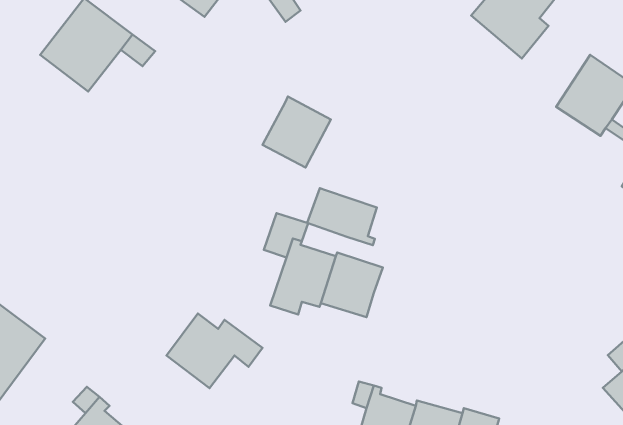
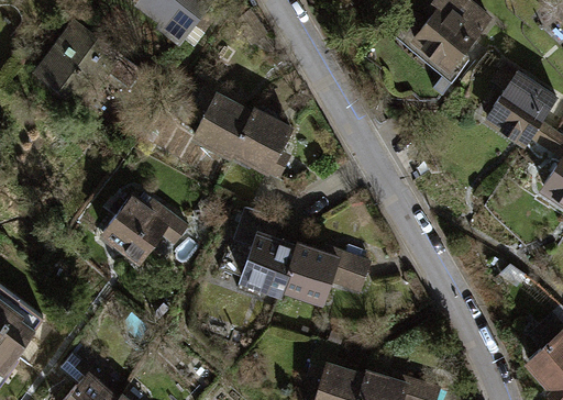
building: none -> [195,87,252,154]
building: [307,188,377,245] -> none
building: none -> [329,253,369,289]
building: [166,314,262,388] -> [102,196,186,260]

